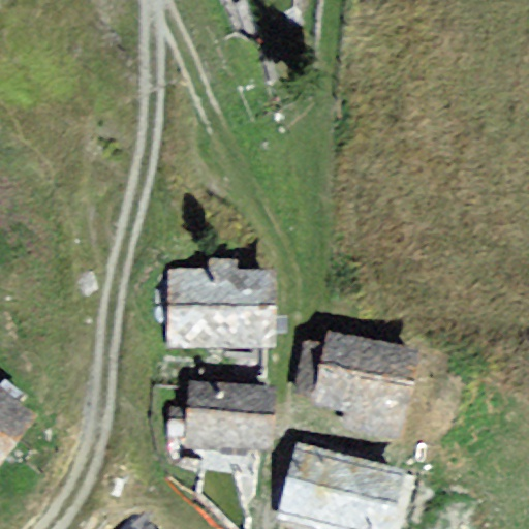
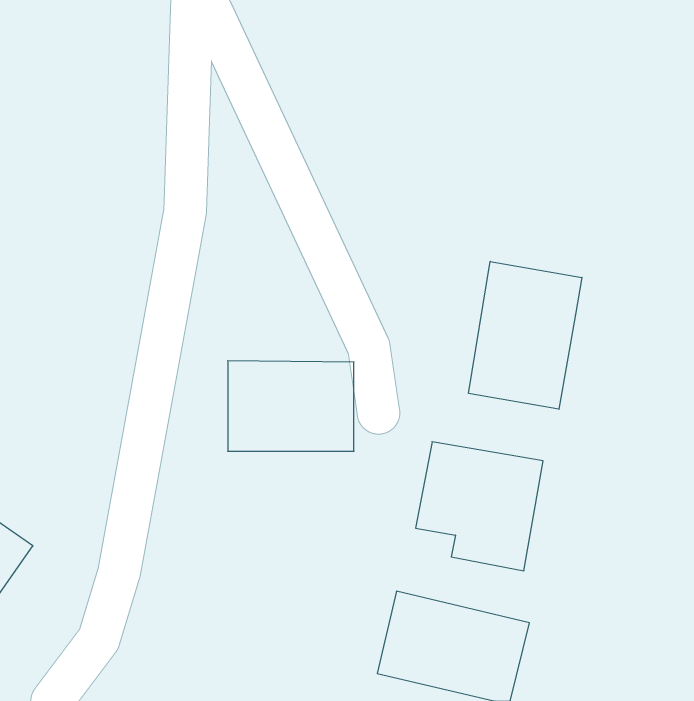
building: none -> [469,261,582,409]
building: [187,384,263,441] -> none

